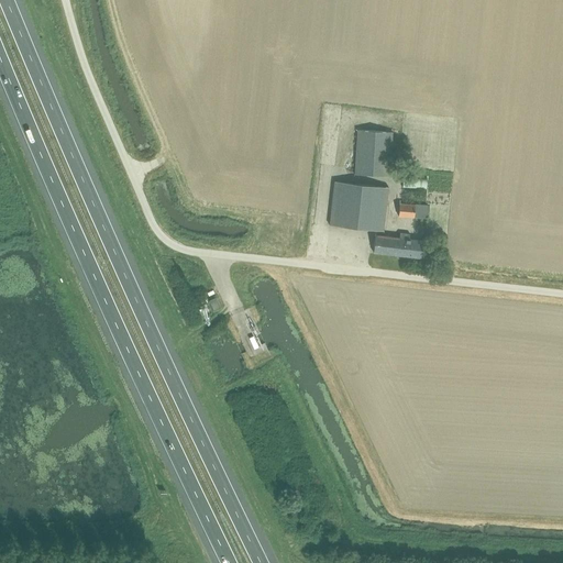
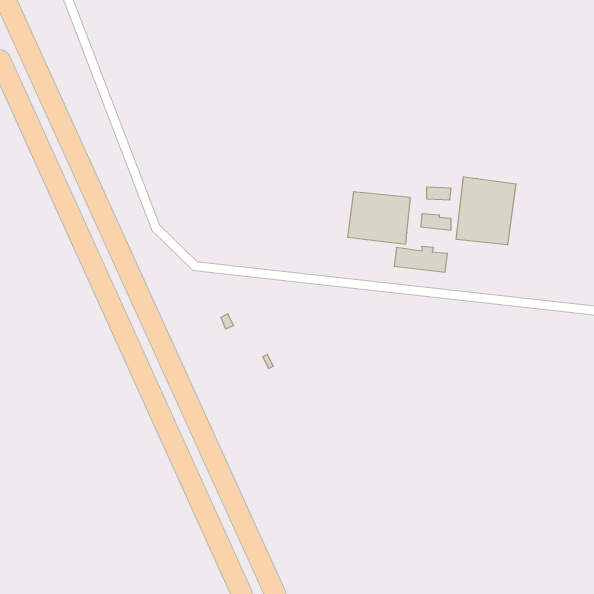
building: [354,130,393,176] -> none
building: none -> [456,177,516,245]

